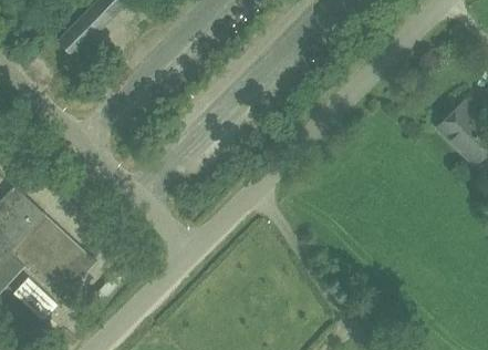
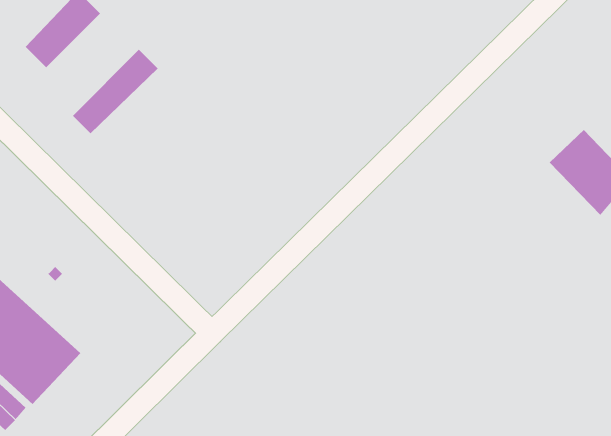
building: none -> [72,49,159,134]

